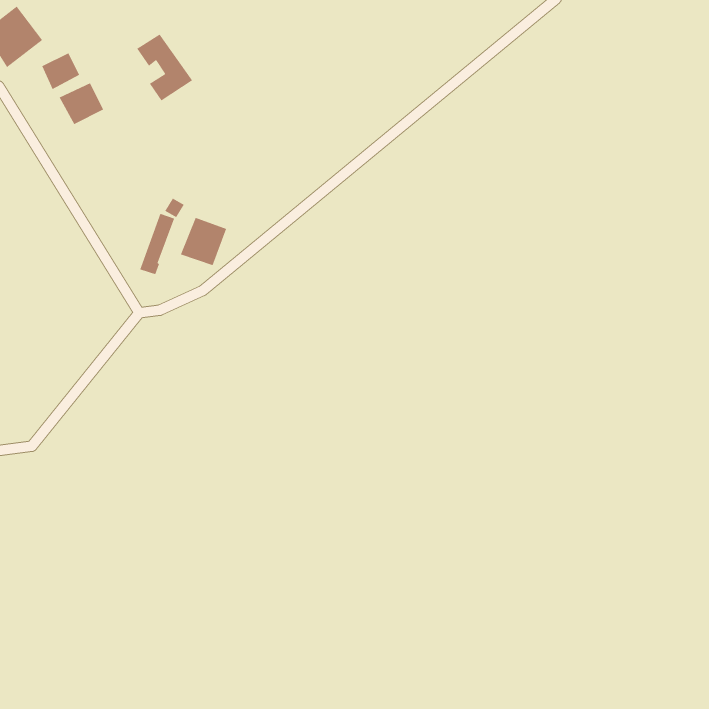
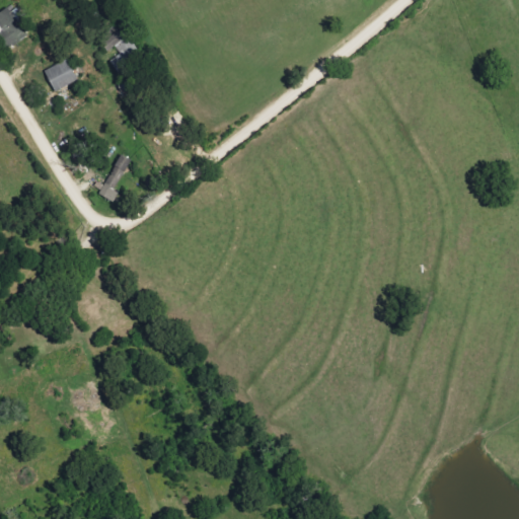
building: [41,52,80,90] -> none
building: [180,217,227,266] -> none

